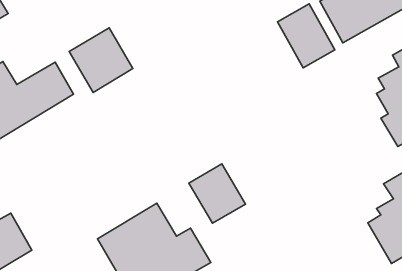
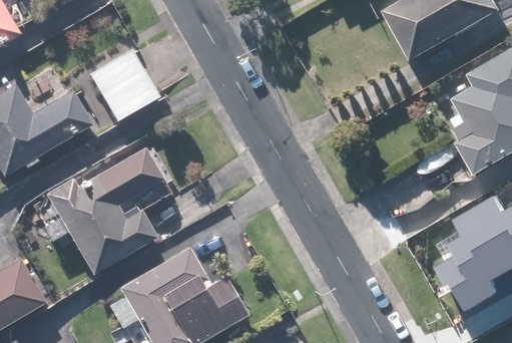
building: [277,4,335,68] -> none
building: none -> [31,138,174,273]
building: [189,164,246,223] -> none

